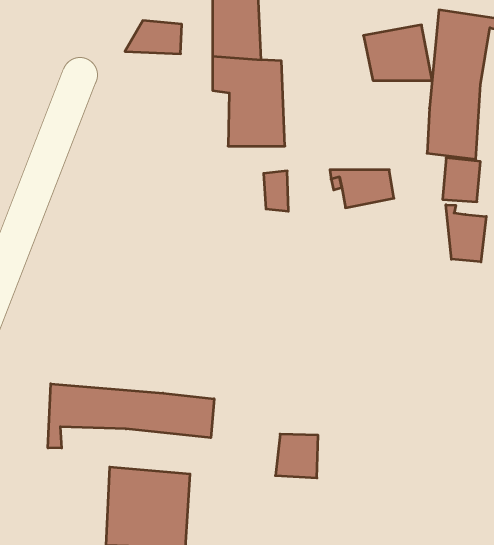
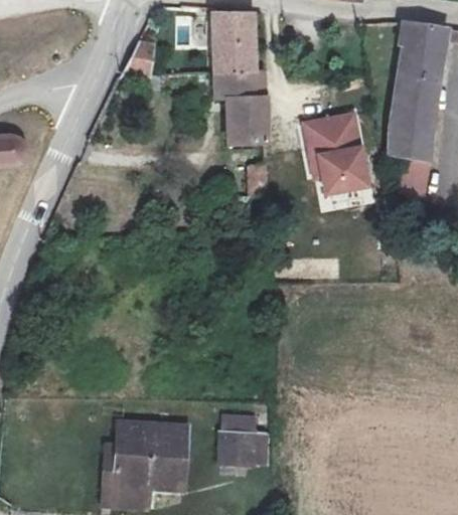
building: [363,25,432,80] -> [301,118,359,165]
building: [446,205,486,262] -> none
building: [48,384,214,448] -> none
building: [275,434,318,478] -> [220,426,257,464]

